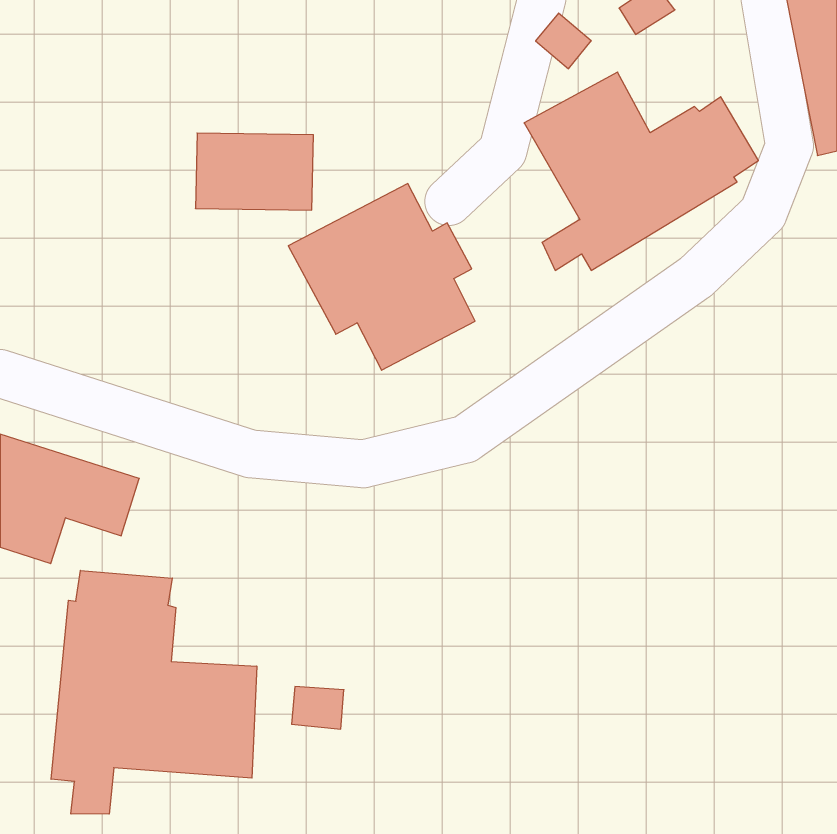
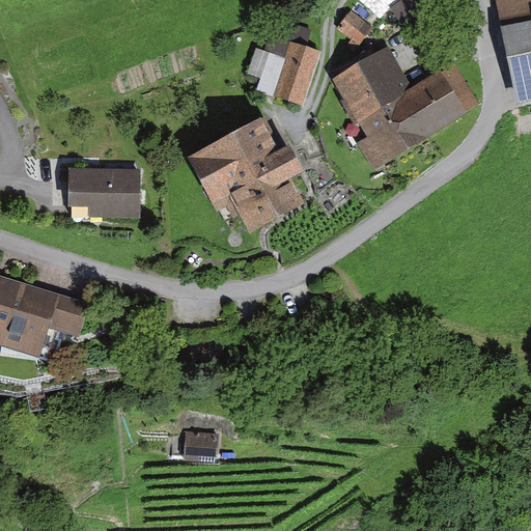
building: none -> [247,23,324,103]
building: [195,133,313,210] -> [66,168,141,217]
building: [51,570,257,814] -> none

